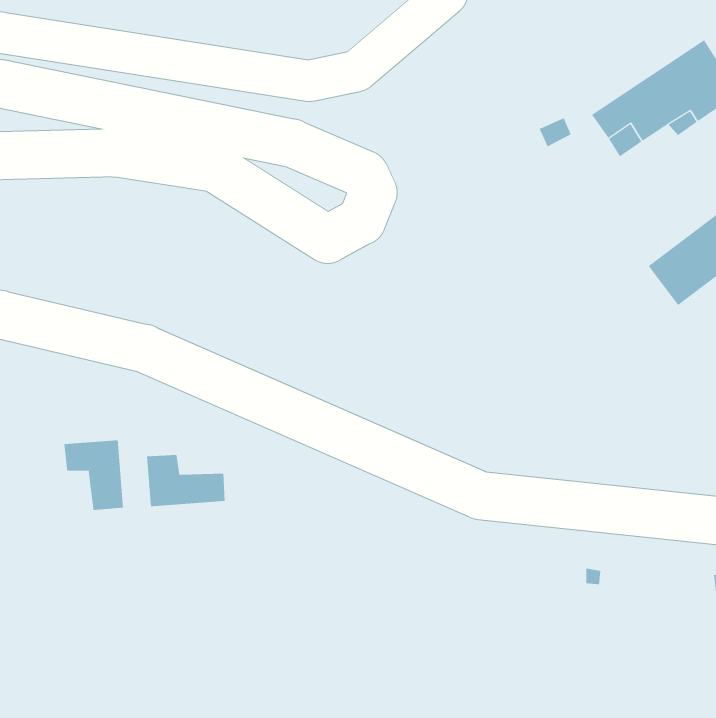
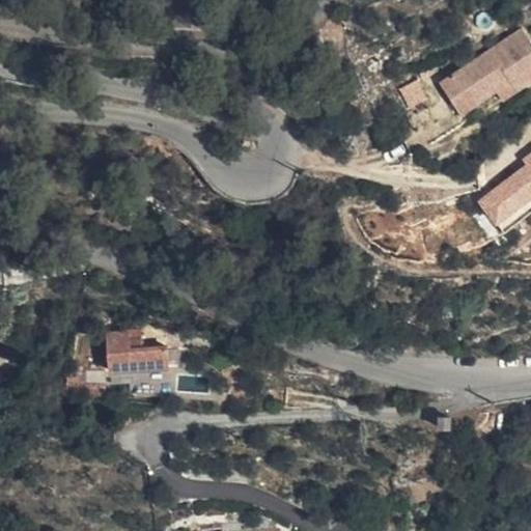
building: [64,440,123,511] -> none

